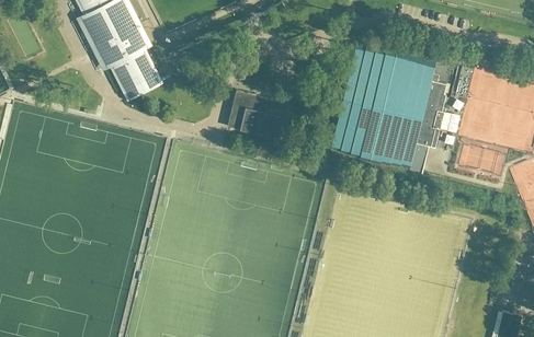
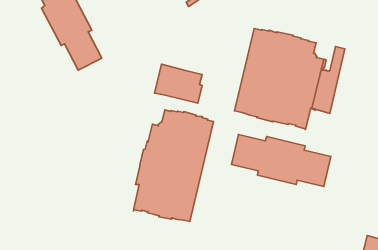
building: none -> [134,110,213,222]
building: none -> [232,134,331,187]

